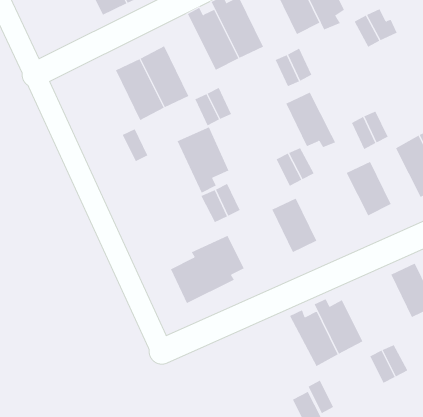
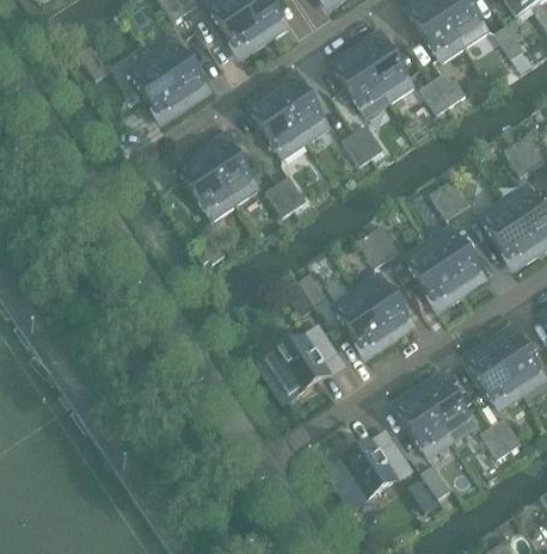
building: [285,92,336,148] -> [408,246,466,303]
building: [177,127,229,193] -> none
building: none -> [337,294,388,351]
building: none -> [467,345,520,402]
building: none -> [328,436,411,503]

